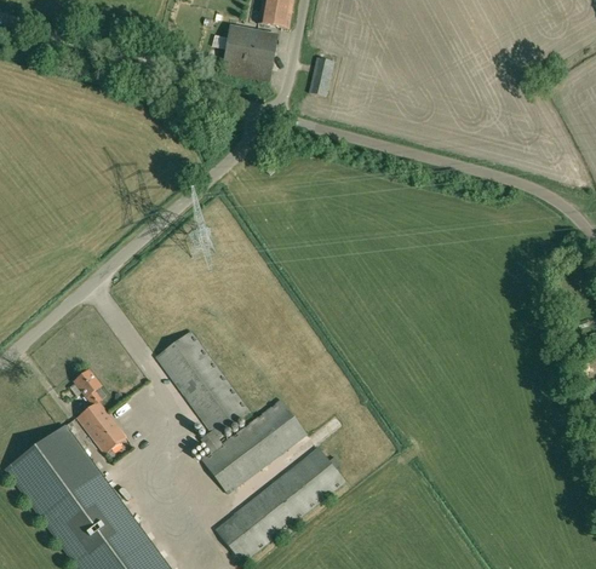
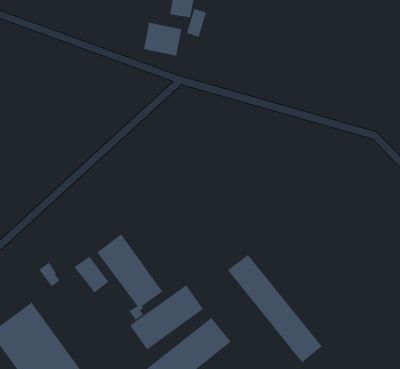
building: [311,54,340,96] -> [186,8,207,38]
building: none -> [227,254,323,363]
building: [75,401,125,453] -> [74,256,109,293]

